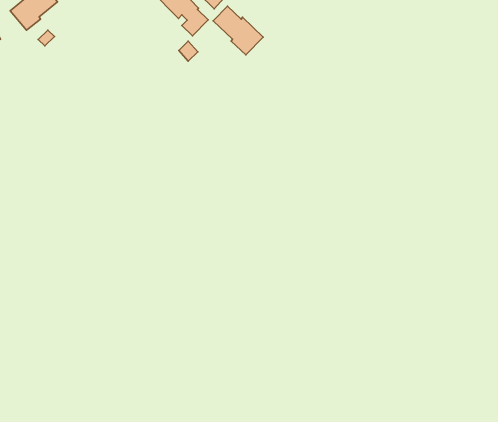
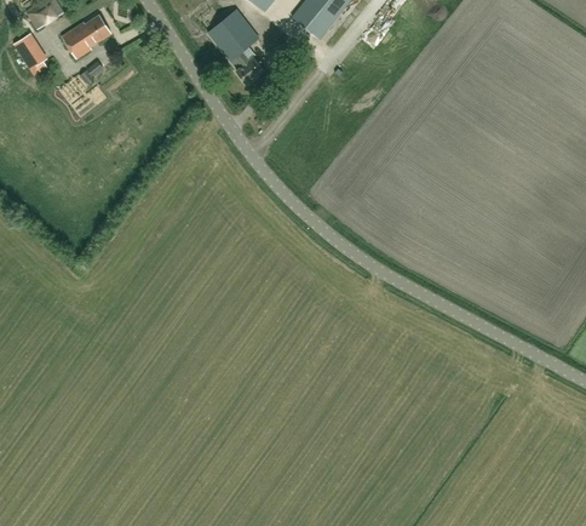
building: [213,6,263,55] -> none

